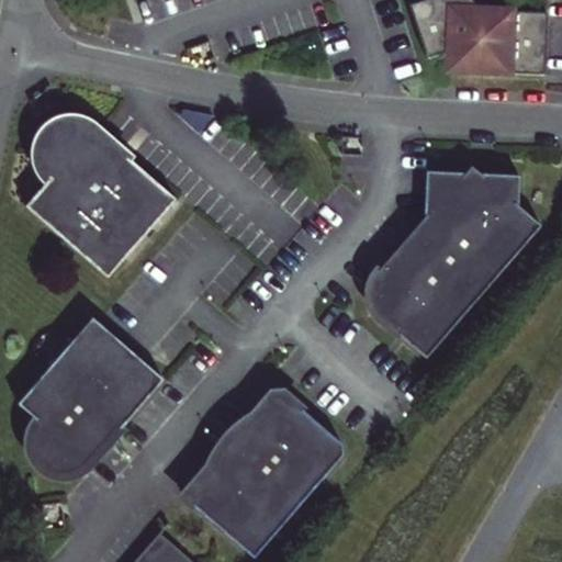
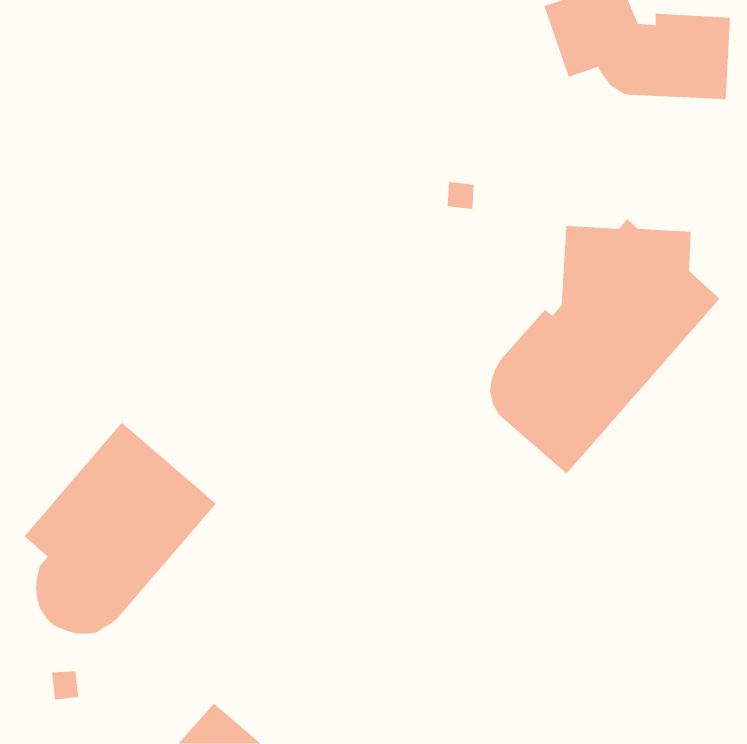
building: [26,121,176,277] -> none
building: [186,391,339,553] -> none

